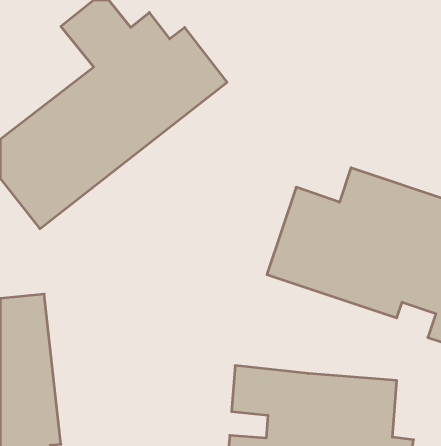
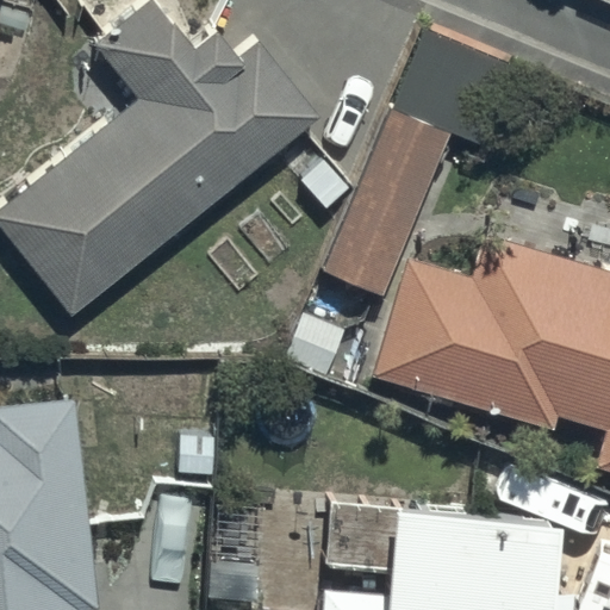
building: none -> [319,106,456,300]

